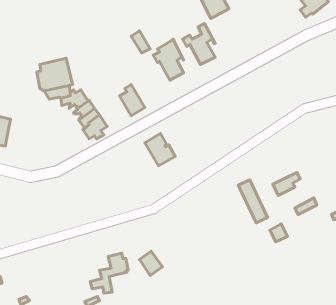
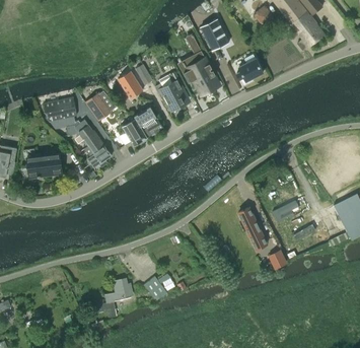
building: none -> [237,58,264,82]
building: none -> [118,68,144,97]
building: none -> [87,90,117,120]
building: none -> [27,152,64,178]
building: [145,133,175,166] -> [135,106,164,137]

